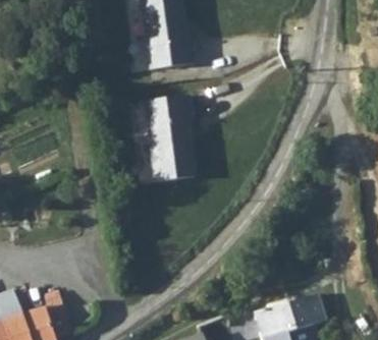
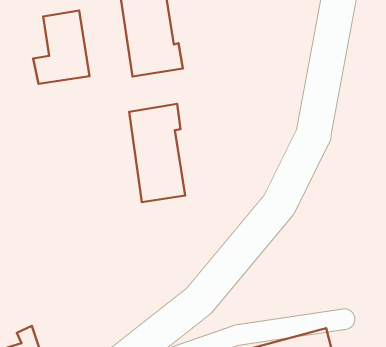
building: none -> [33,10,90,84]

